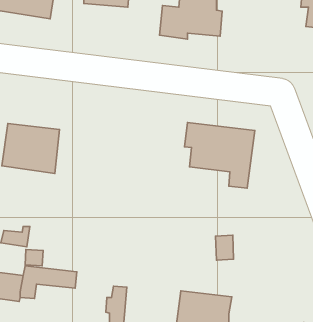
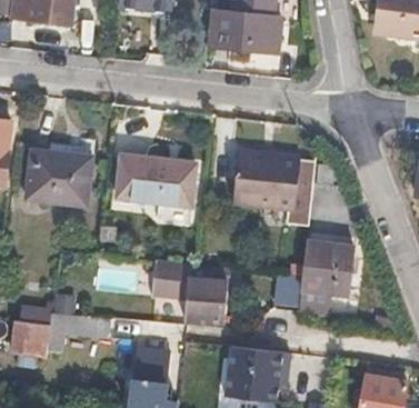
building: none -> [113,158,196,208]
building: none -> [299,241,355,311]
building: none -> [153,260,231,322]

